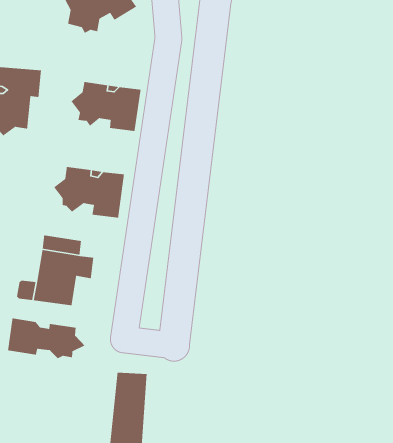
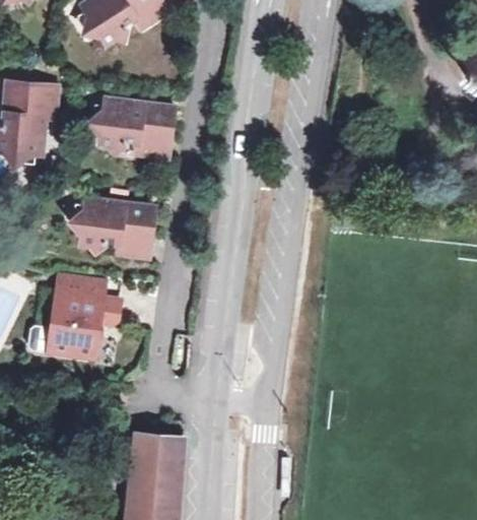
building: [7,318,86,359] -> none

